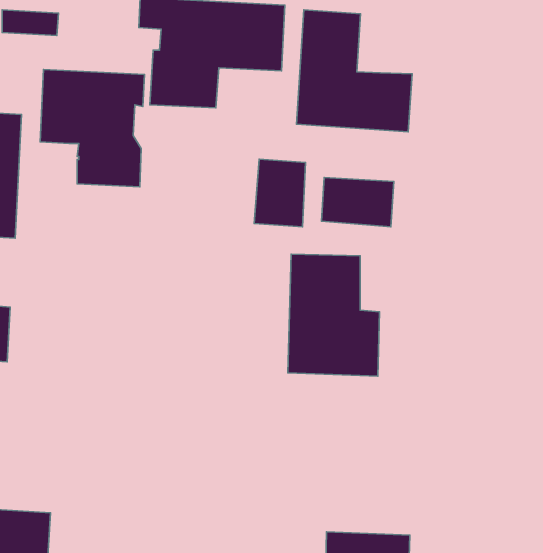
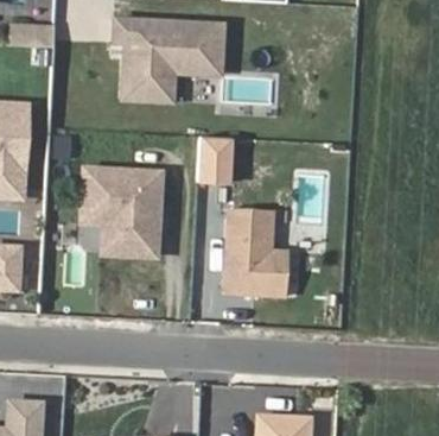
building: [296,10,412,132] -> none
building: [40,70,145,187] -> [82,169,159,255]
building: [321,177,394,227] -> none

